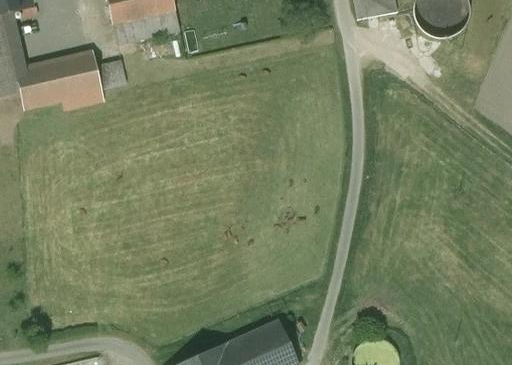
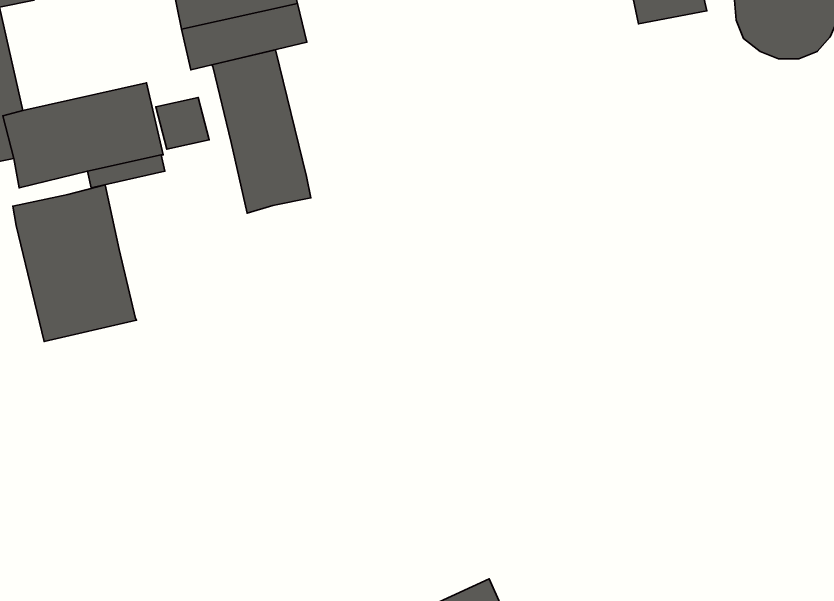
building: none -> [212,50,311,213]
building: none -> [13,185,137,341]

